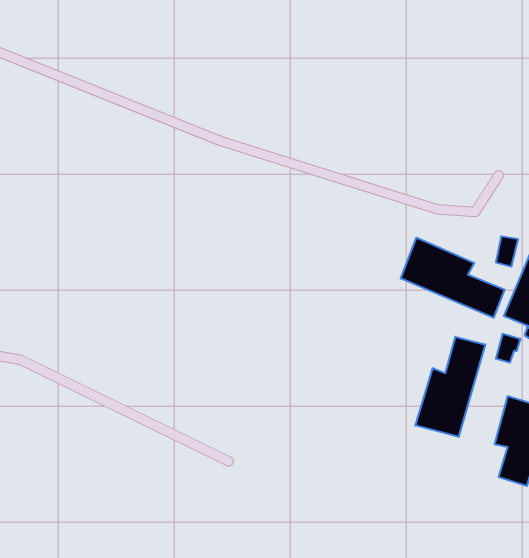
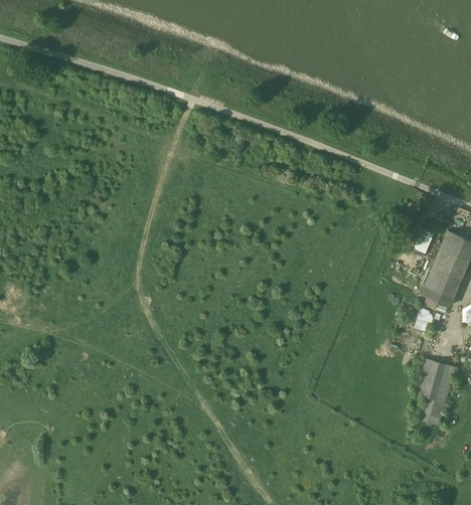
building: [401,238,504,318] -> none
building: [415,337,485,437] -> none

